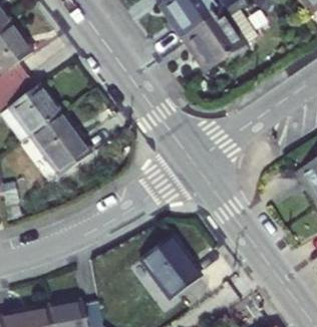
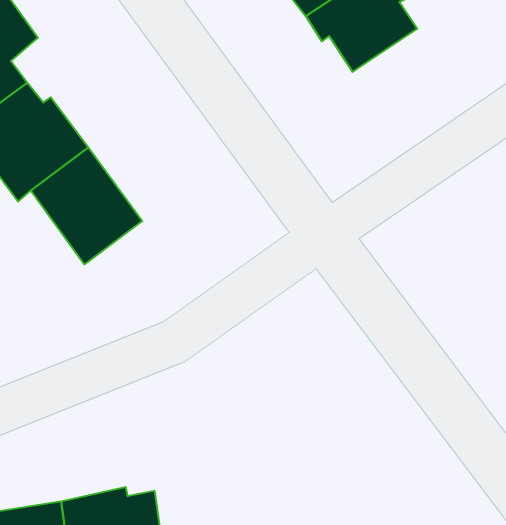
building: [137,238,201,302] -> none

